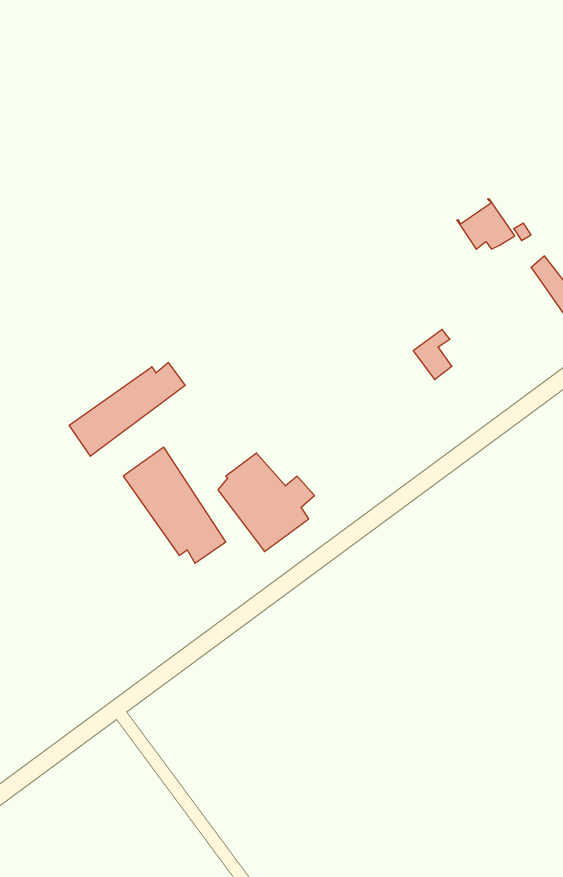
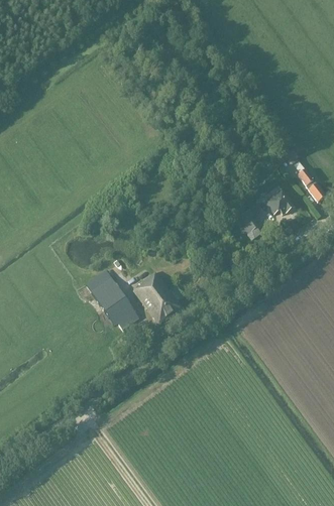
building: [457,199,515,249] -> [262,187,293,214]
building: [69,363,185,456] -> none

